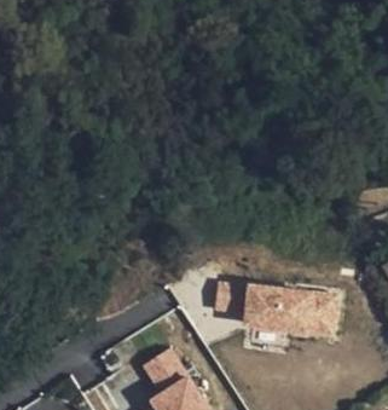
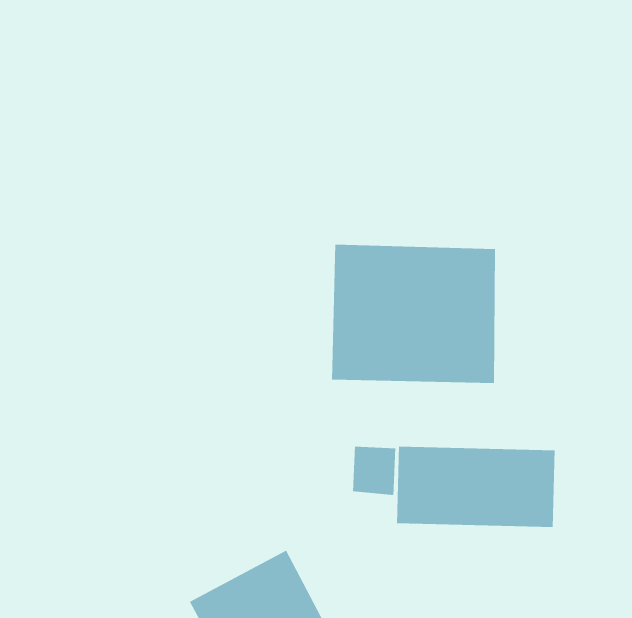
building: none -> [331,244,496,384]

